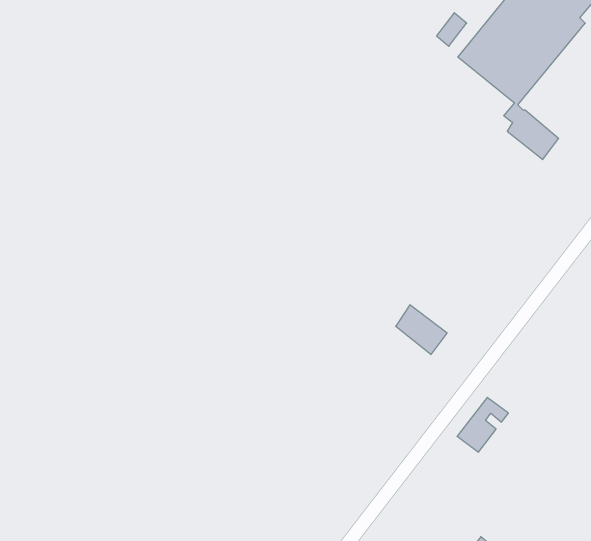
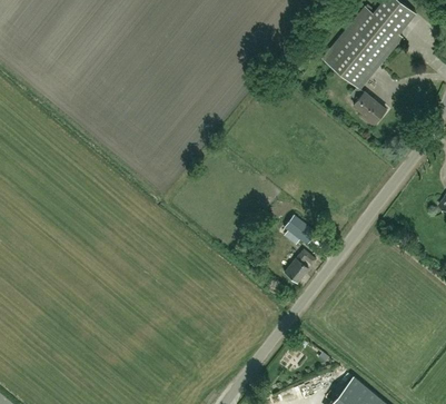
building: [457,397,508,452] -> [285,249,317,284]

